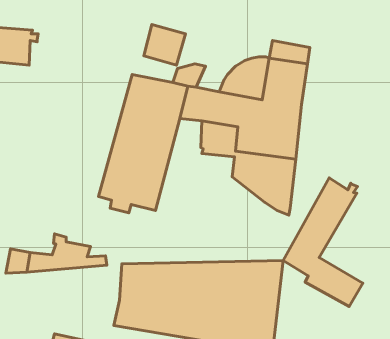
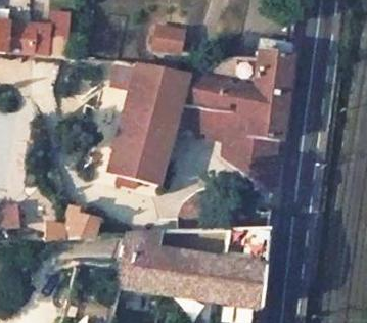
building: [283,178,363,307] -> none

